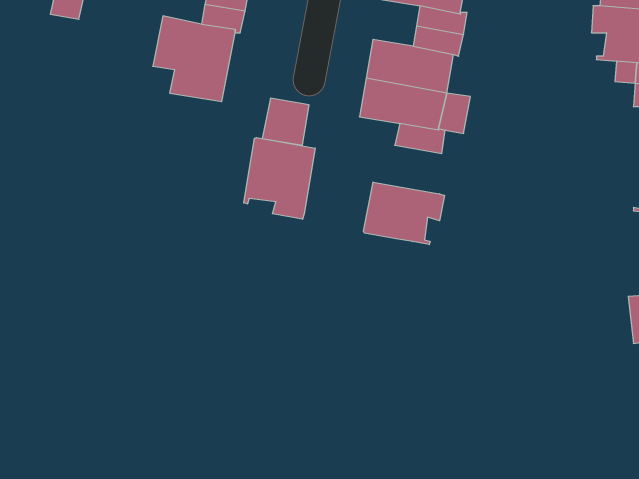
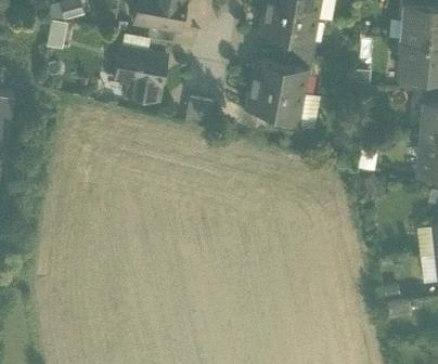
building: [244,138,315,219] -> none
building: [363,182,445,245] -> none

